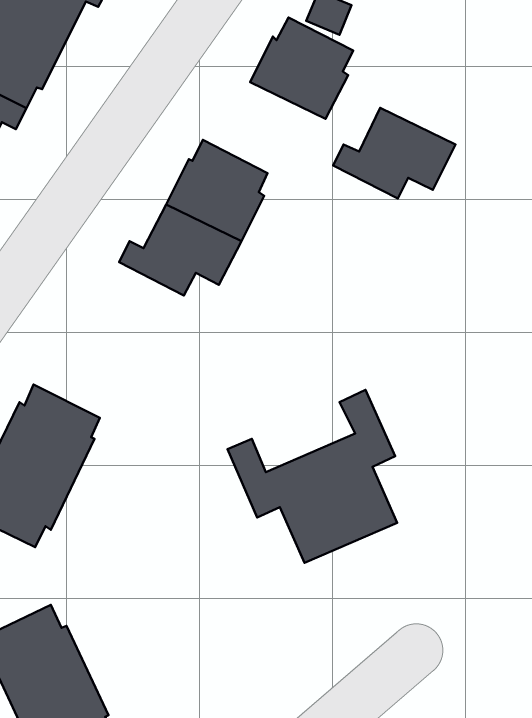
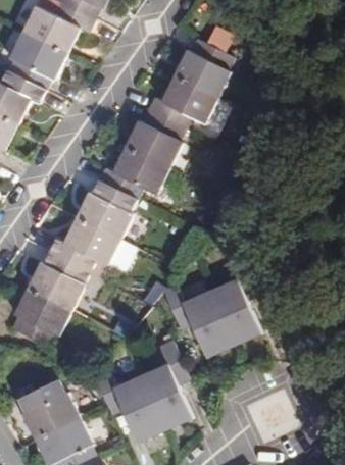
building: [333,108,455,199] -> [146,76,217,130]
building: none -> [47,182,135,279]
building: none -> [92,341,190,442]

